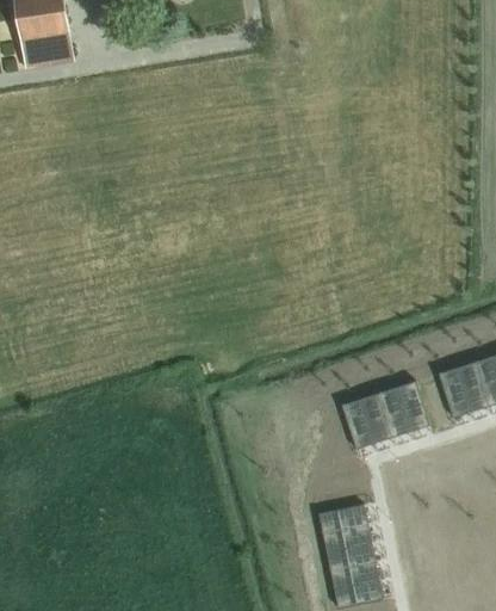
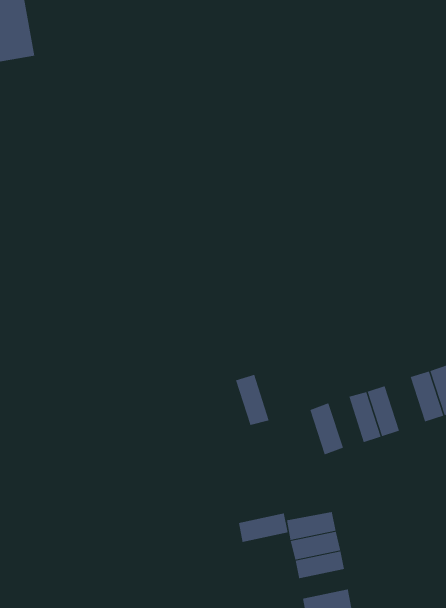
building: [361,393,395,443] -> [235,374,270,425]
building: [331,561,380,590] -> [238,513,288,542]

